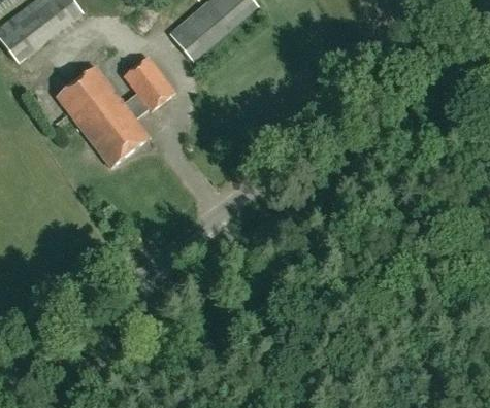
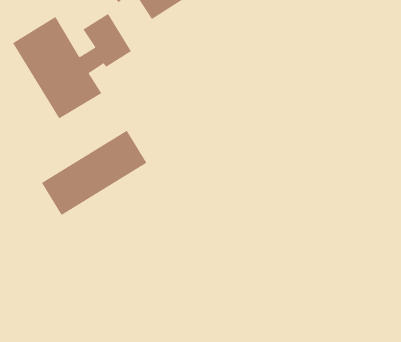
building: none -> [41,130,147,216]

